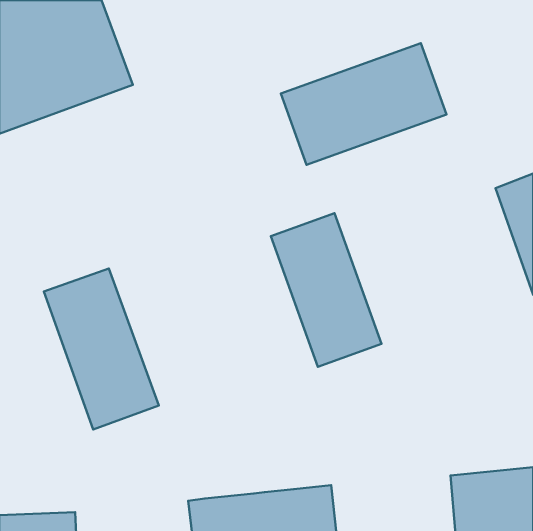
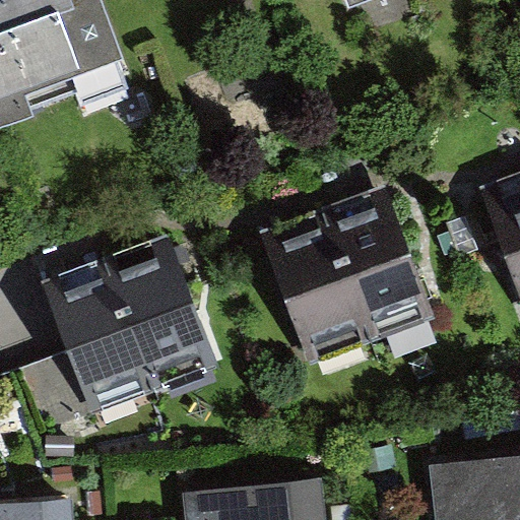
building: [281,43,446,165] -> none
building: none -> [325,188,434,337]
building: none -> [106,241,217,397]

